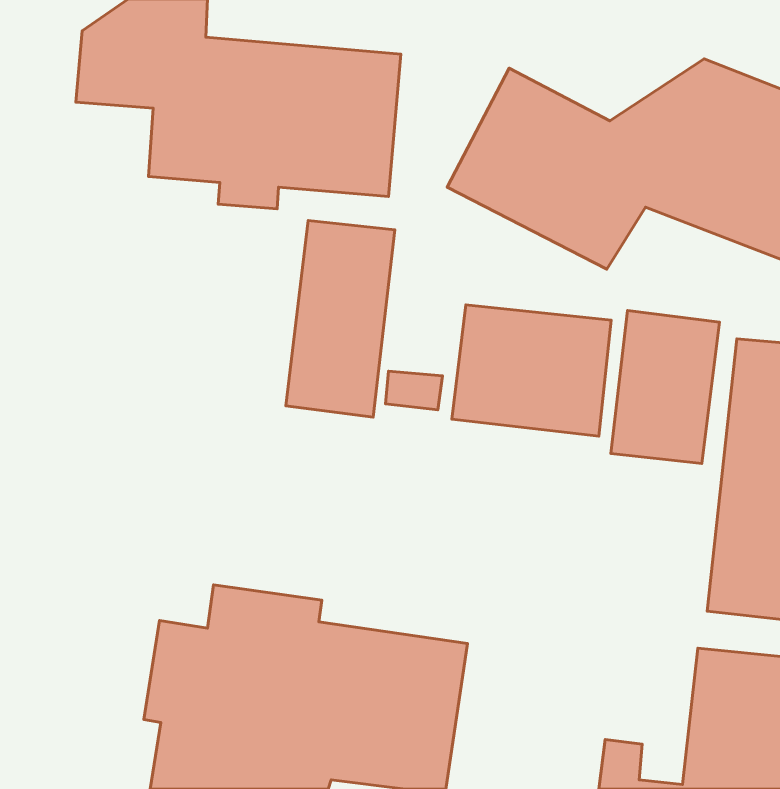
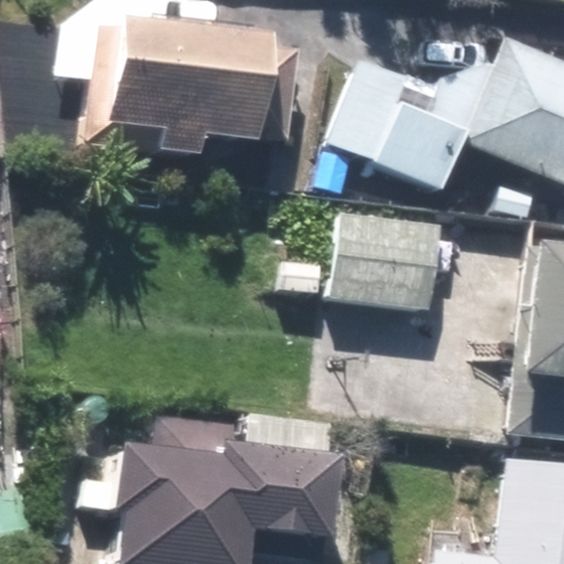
building: [286,221,395,417] -> none
building: [611,311,719,463] -> none

